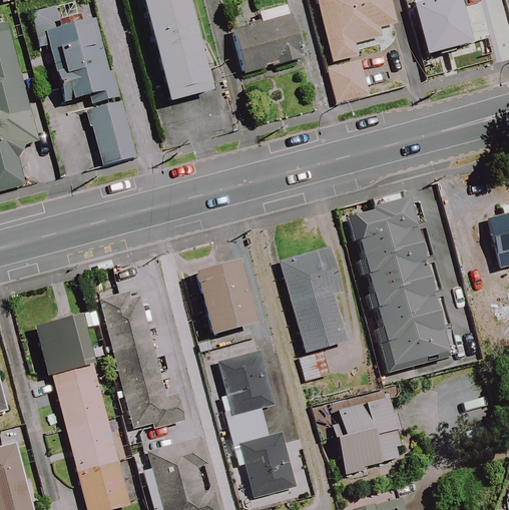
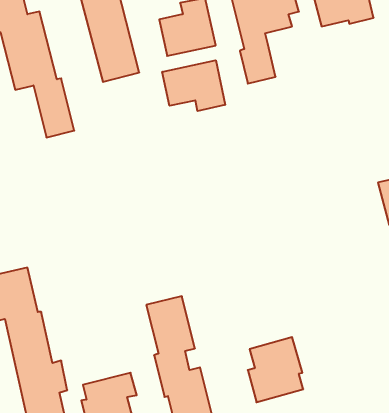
building: none -> [162,60,225,111]
building: [347,196,448,367] -> none
building: [281,248,348,352] -> none
building: [197,261,259,334] -> none
building: [100,290,184,427] -> none

